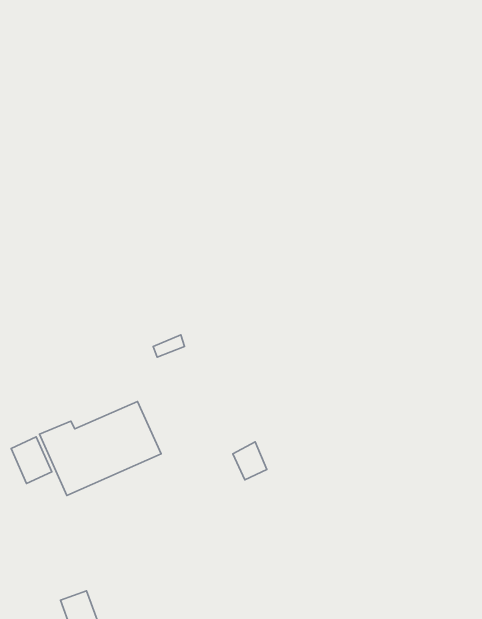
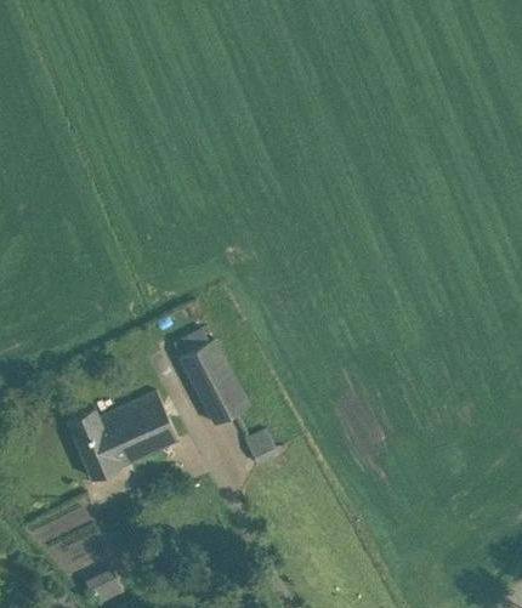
building: none -> [181,339,250,425]
building: [11,437,52,484] -> none

